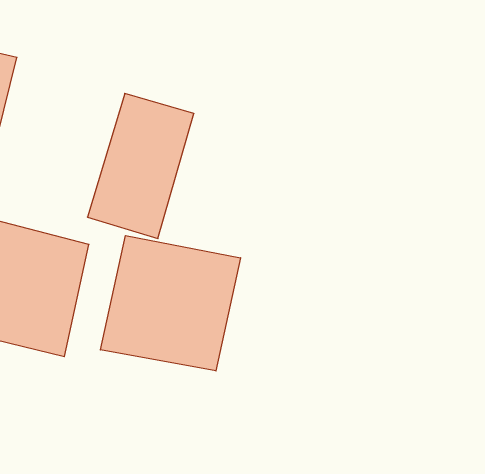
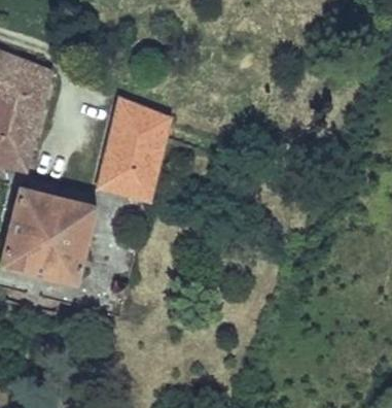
building: [100,236,241,371] -> none

